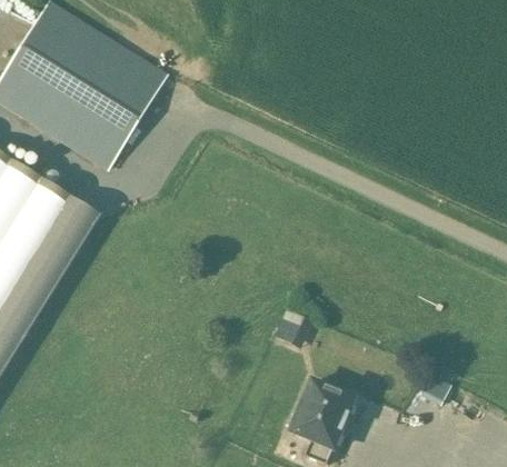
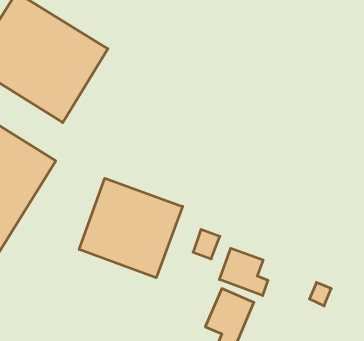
building: none -> [79,178,183,278]
building: none -> [219,248,268,296]

